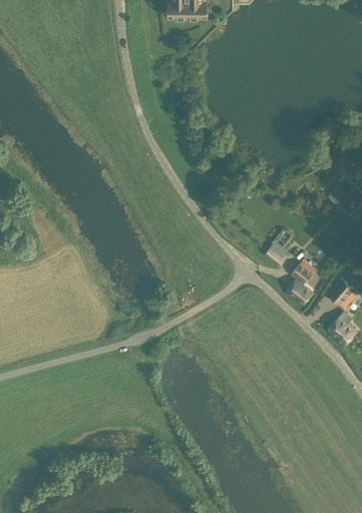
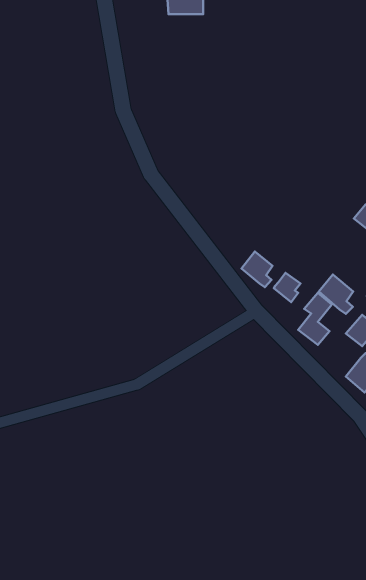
building: none -> [242,252,272,287]
building: none -> [319,274,353,314]

